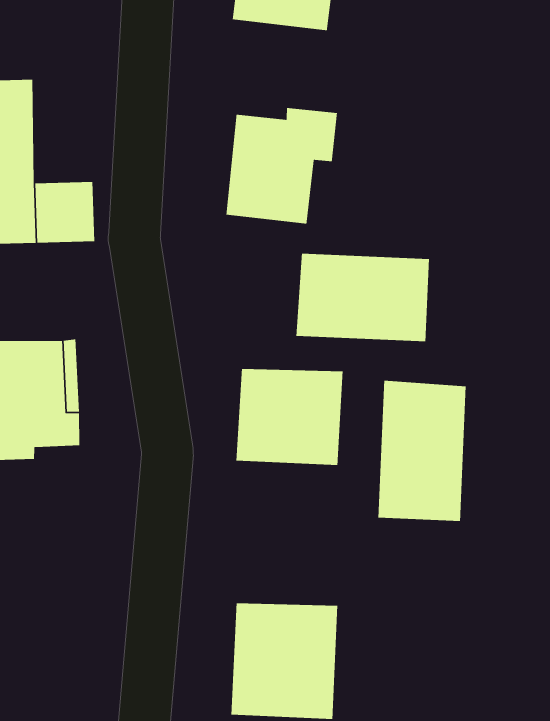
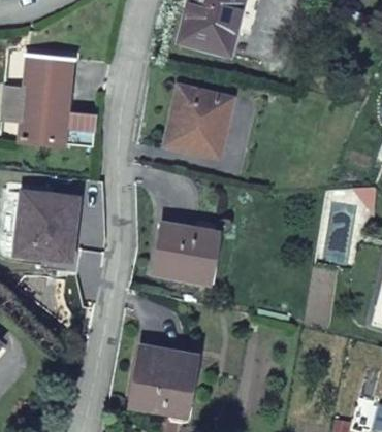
building: [295,253,430,342] -> none
building: [378,380,467,522] -> none

